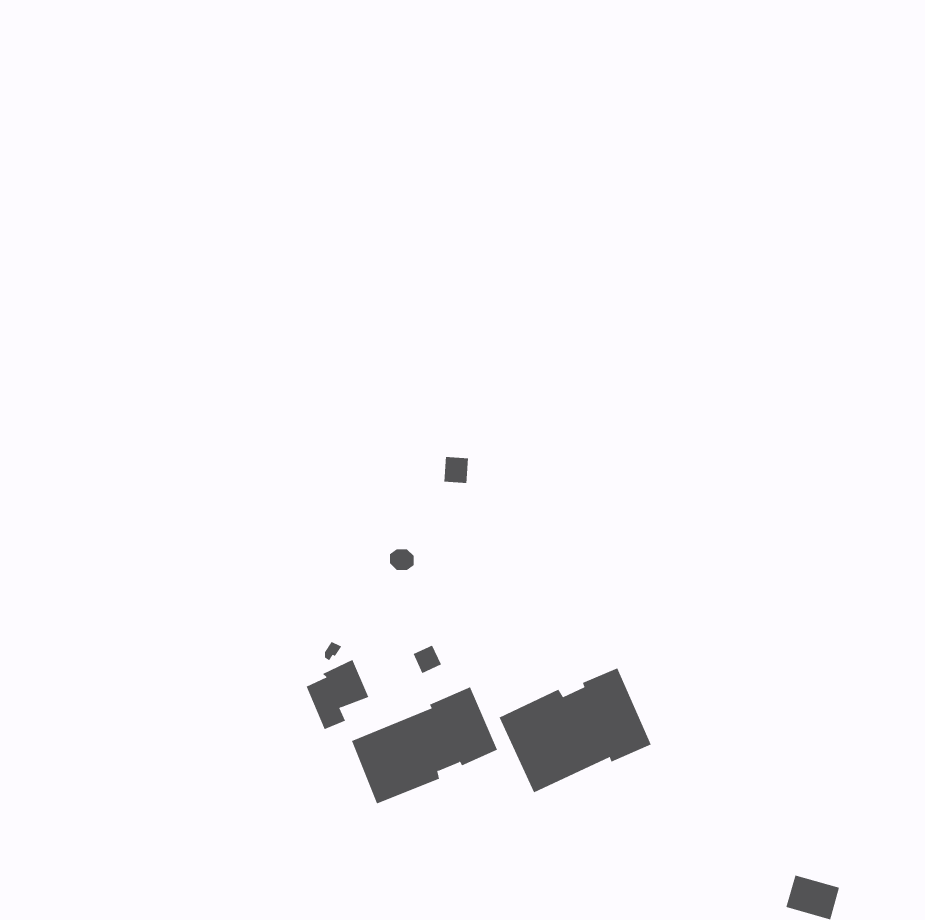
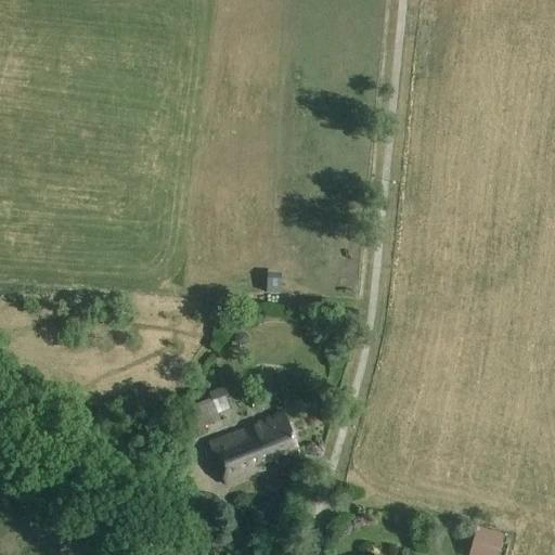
building: [499,668,651,793] -> none

